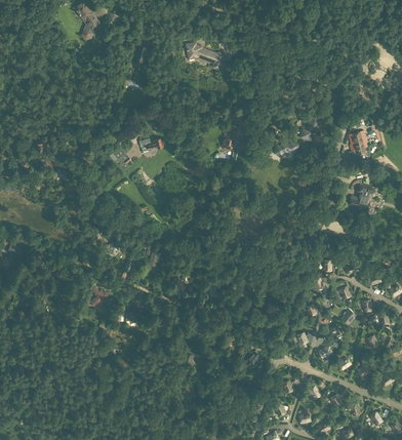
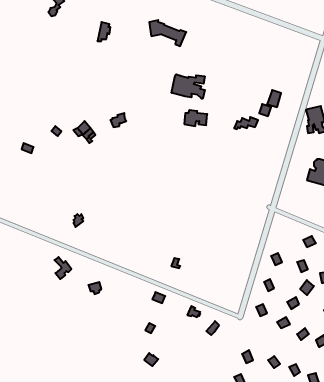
building: none -> [172,74,205,99]

